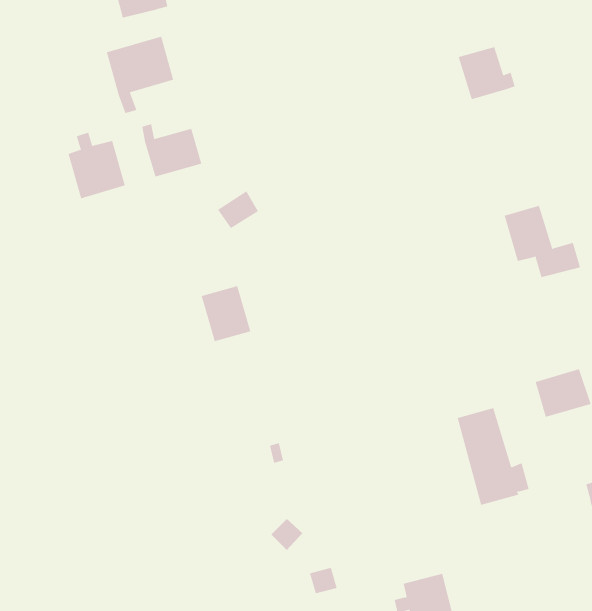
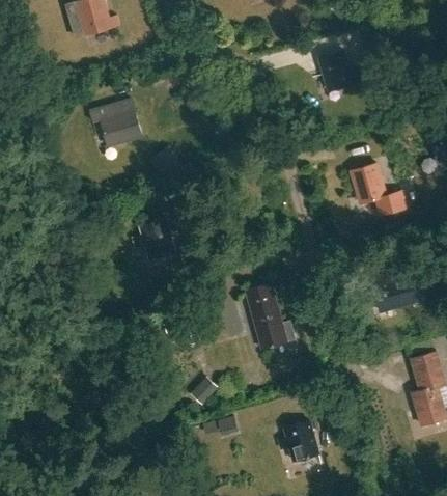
building: [106,36,174,114] -> none
building: [68,132,126,199] -> none
building: [457,407,530,505] -> [244,281,295,350]

